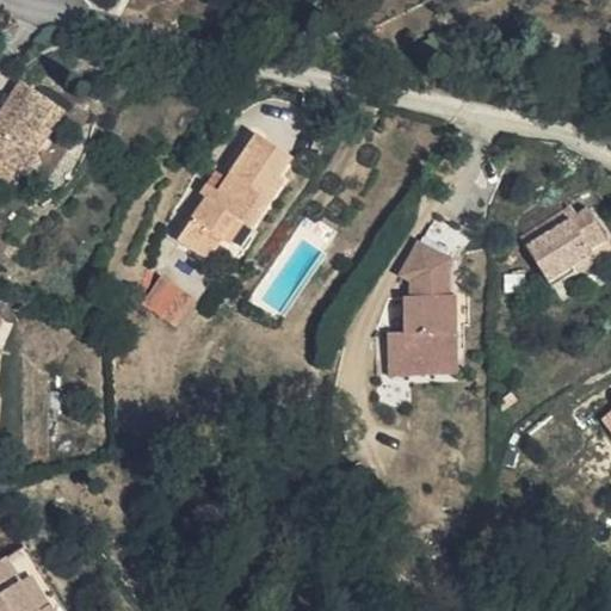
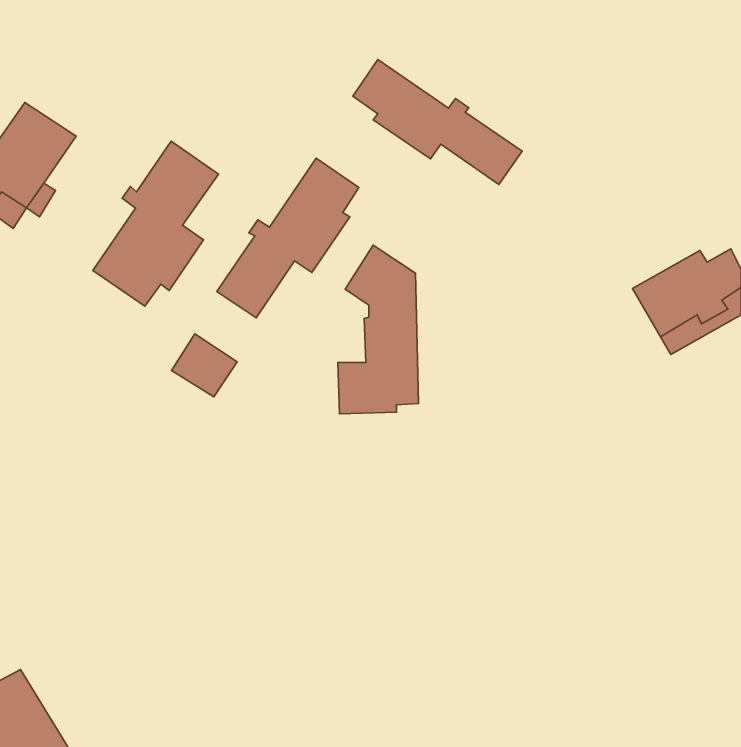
building: none -> [353,60,522,185]
building: none -> [93,141,219,306]
building: [387,239,452,376] -> [338,245,418,414]

